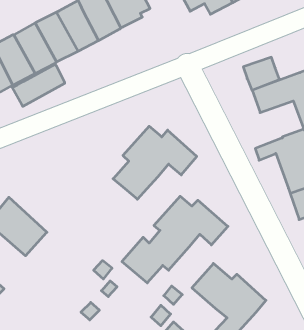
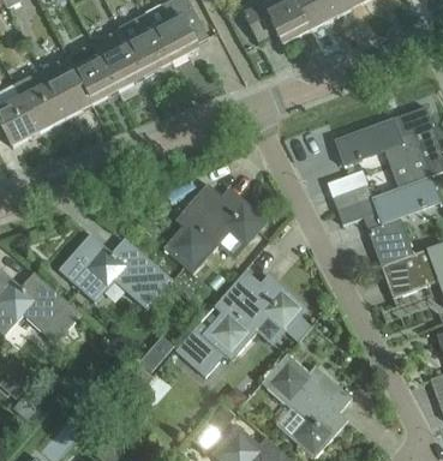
building: [243,57,279,90] -> [328,169,372,210]
building: [12,64,65,106] -> none
building: none -> [59,232,173,309]

